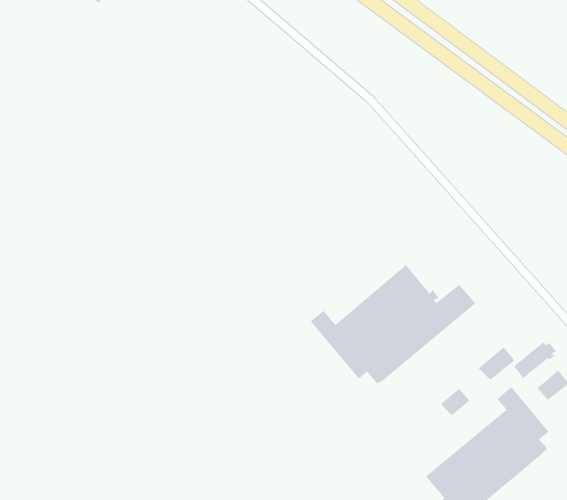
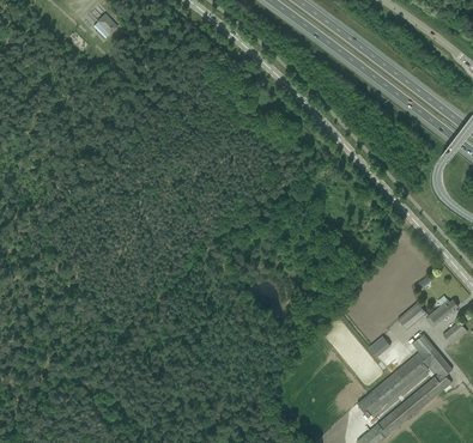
building: [310,264,476,385] -> none

